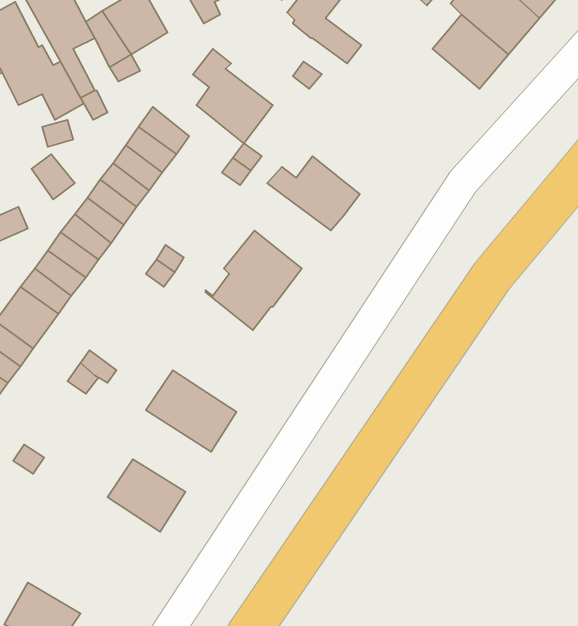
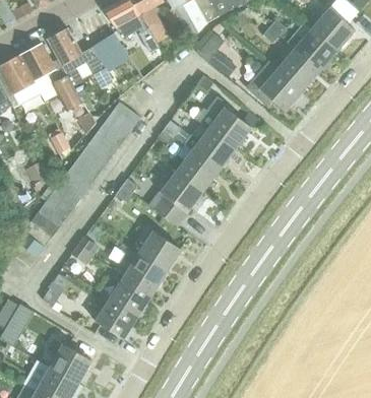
building: none -> [246,61,303,112]
building: [193,49,273,143] -> [207,96,252,149]
building: none -> [177,149,220,191]
building: none -> [137,229,182,271]
building: none -> [108,270,152,316]
building: none -> [48,339,92,384]

